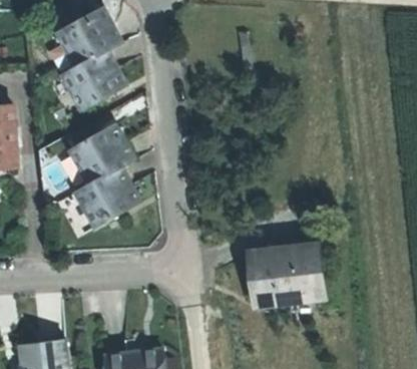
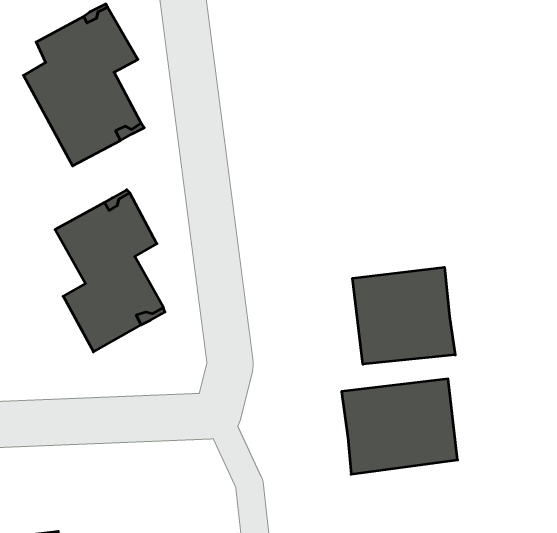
building: none -> [353,267,455,364]

